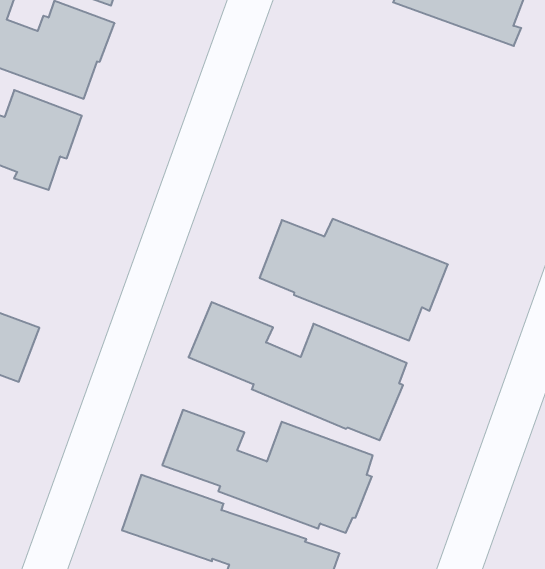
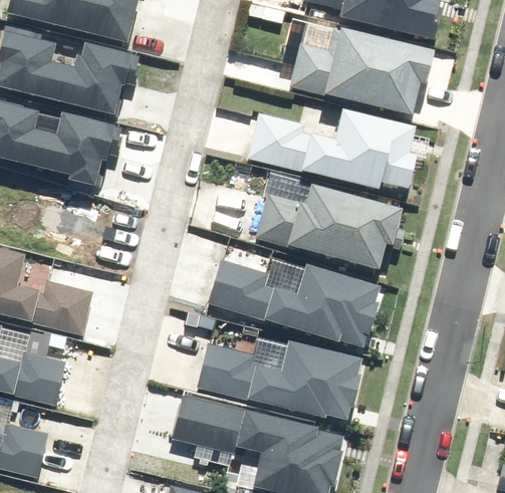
building: none -> [292,25,431,115]
building: none -> [251,110,413,190]

